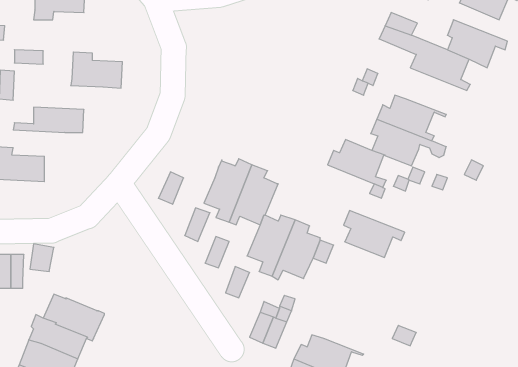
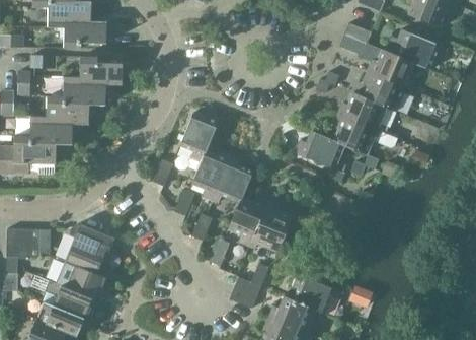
building: none -> [64,22,106,49]
building: none -> [361,70,413,110]
building: none -> [48,84,106,107]
building: none -> [180,111,220,163]
building: none -> [29,123,74,145]
building: [344,211,405,257] -> [292,273,343,313]
building: none -> [65,223,111,276]

